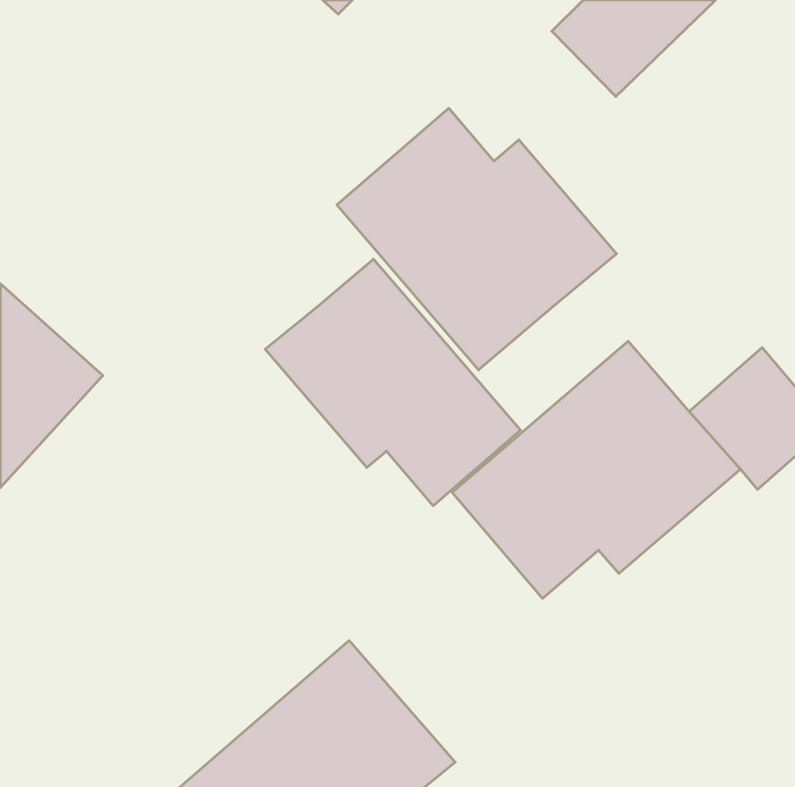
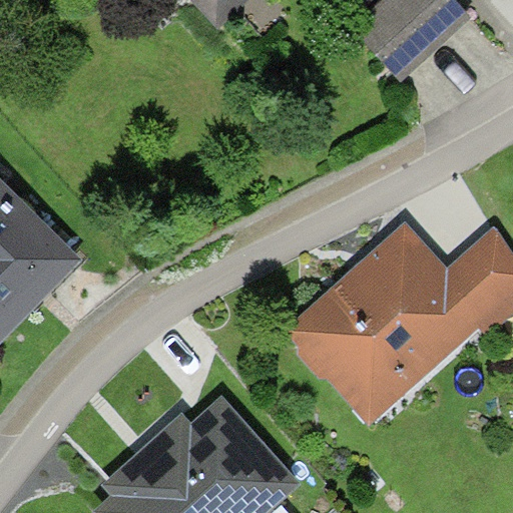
building: [337,108,617,370] -> none
building: [265,259,520,506] -> none

